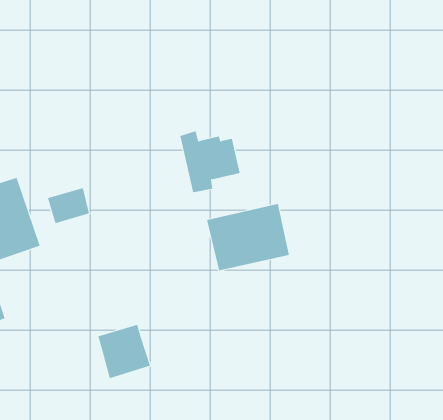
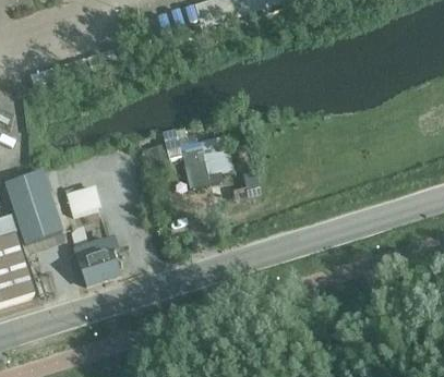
building: [206,203,290,271] -> none
building: [98,324,151,379] -> [75,236,120,282]

